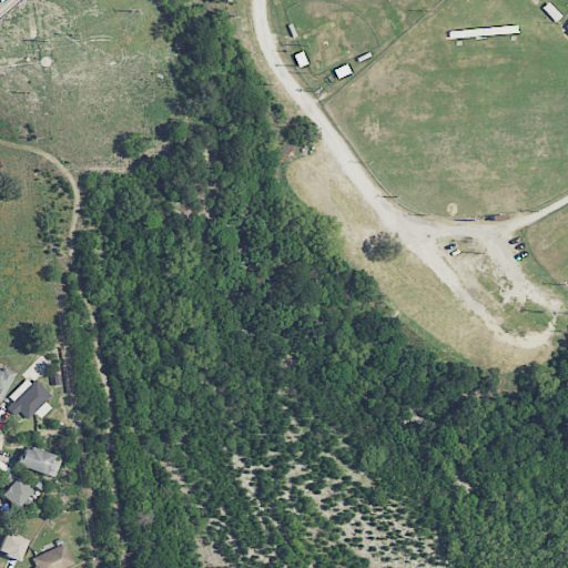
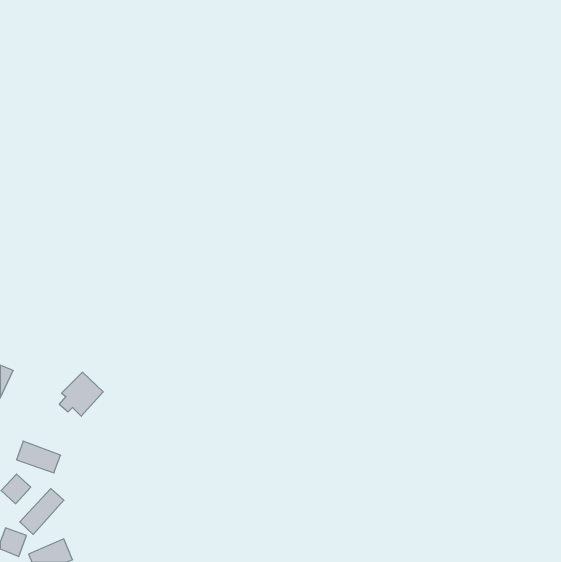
building: [7,376,51,420] -> [59,372,103,416]
building: none -> [20,489,64,534]

